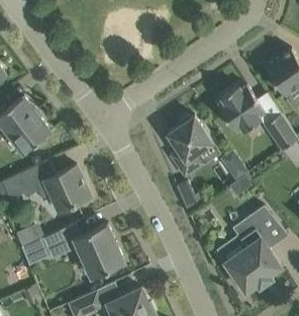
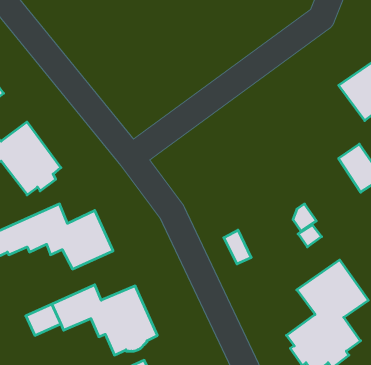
building: [217,85,265,132] -> none
building: [167,115,213,176] -> none

